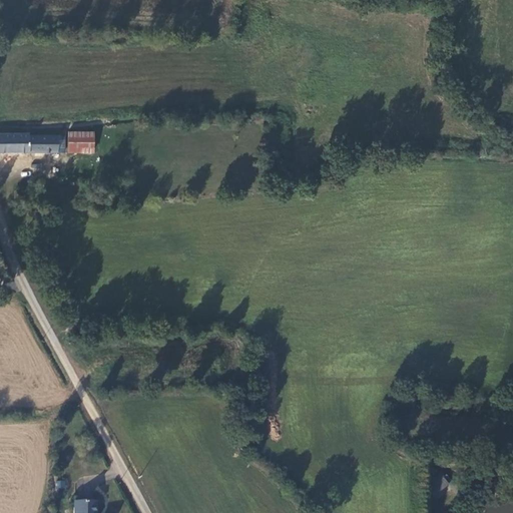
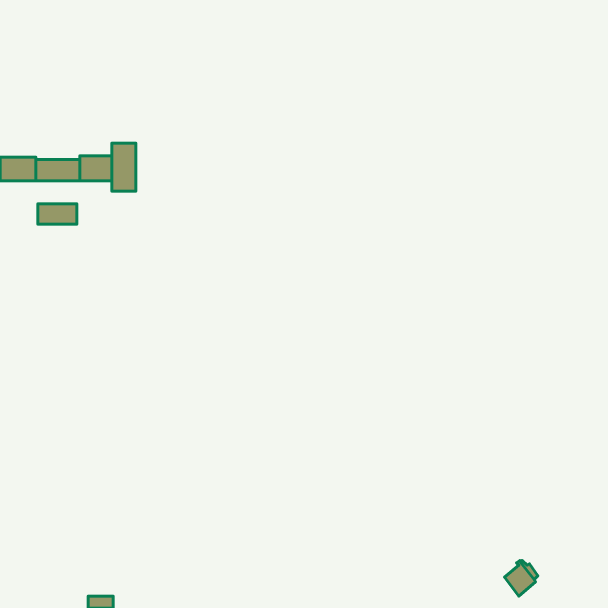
building: none -> [112,143,136,191]
building: none -> [38,204,77,224]

